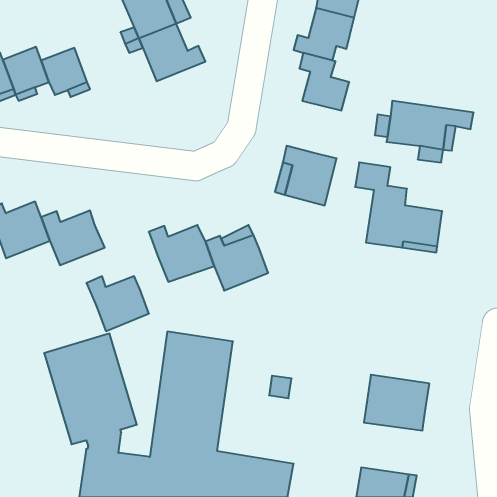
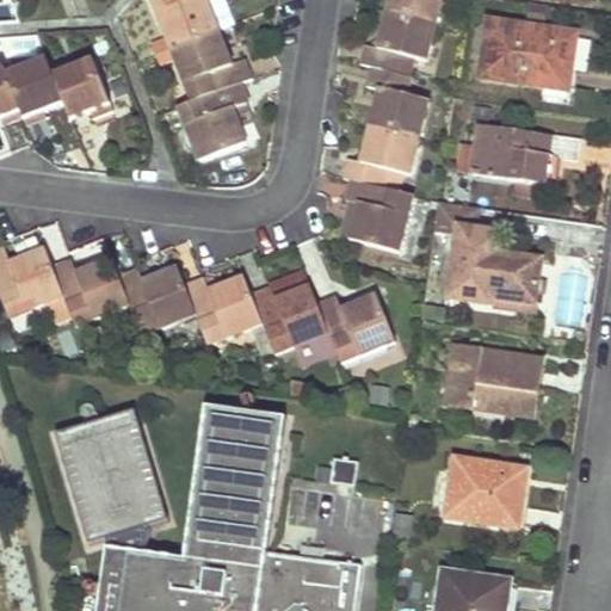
building: none -> [479,18,573,87]
building: none -> [177,81,249,159]
building: none -> [341,123,416,186]
building: none -> [316,296,394,363]
building: [86,276,149,331] -> [116,266,192,333]
building: none -> [444,344,539,414]

